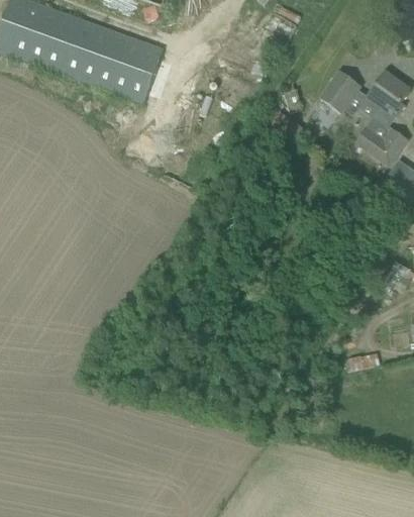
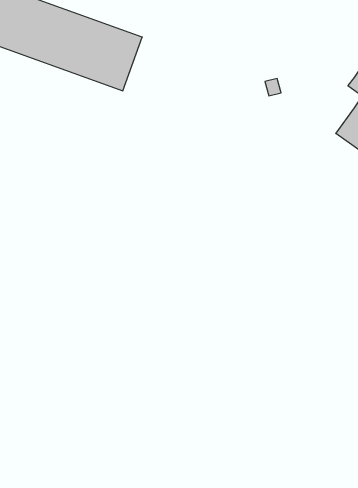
building: [319,70,363,114] -> none

